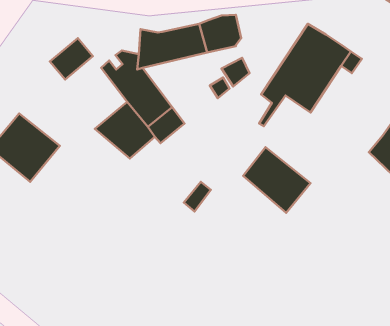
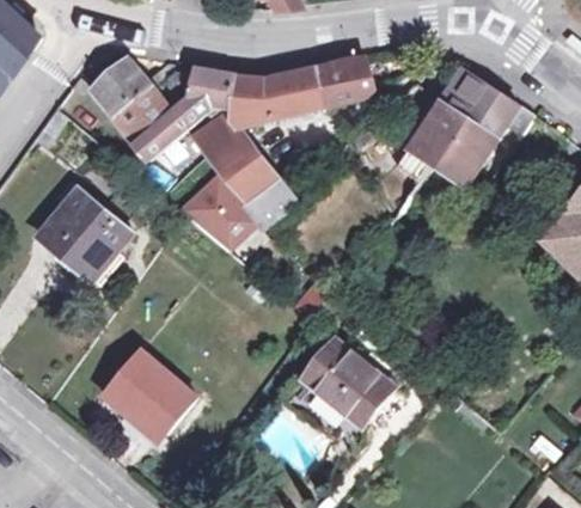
building: none -> [93,55,183,120]
building: none -> [139,69,239,158]
building: [243,147,311,213] -> [305,339,395,427]
building: none -> [103,349,197,437]

